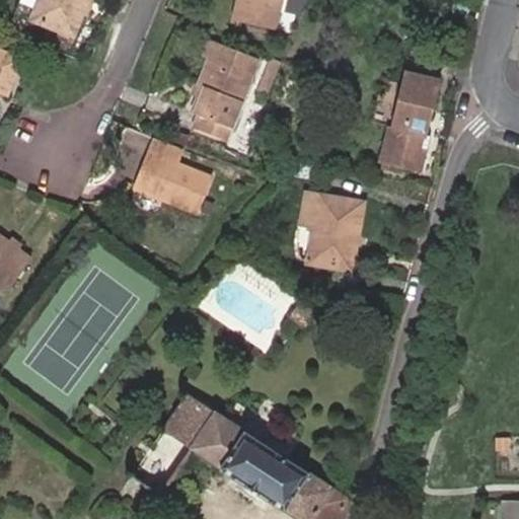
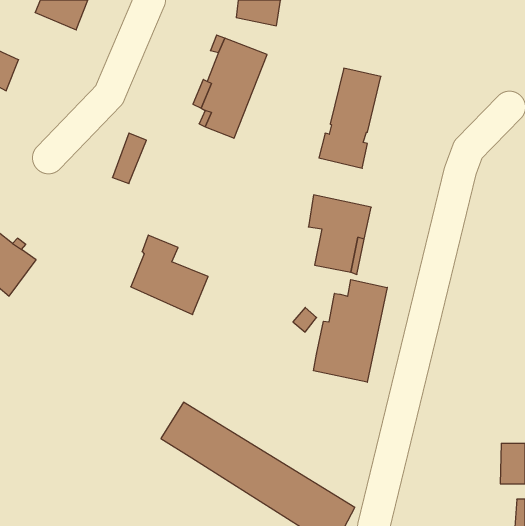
building: [376,74,437,172] -> [319,68,381,168]
building: [139,134,215,212] -> [131,235,208,315]
building: none -> [314,280,387,382]

